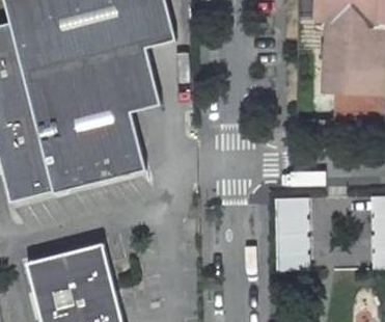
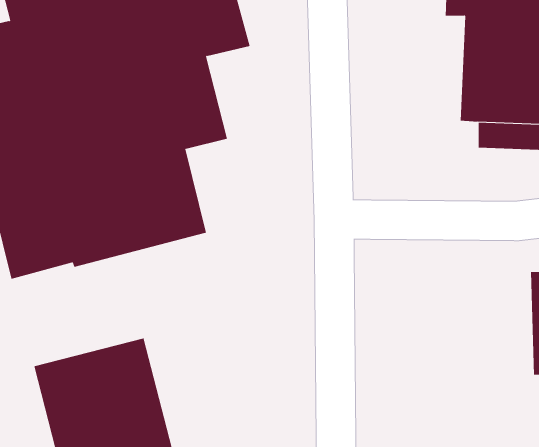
building: [272,199,305,273] -> none

